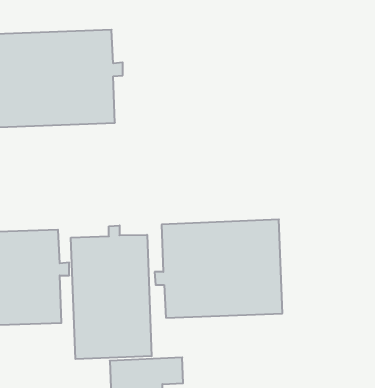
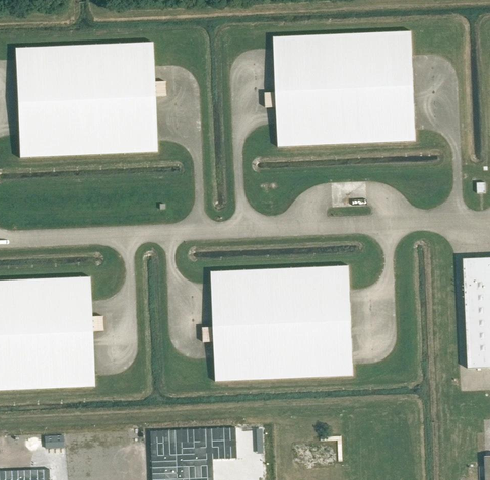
building: none -> [265,30,416,146]
building: [71,225,152,359] -> none

